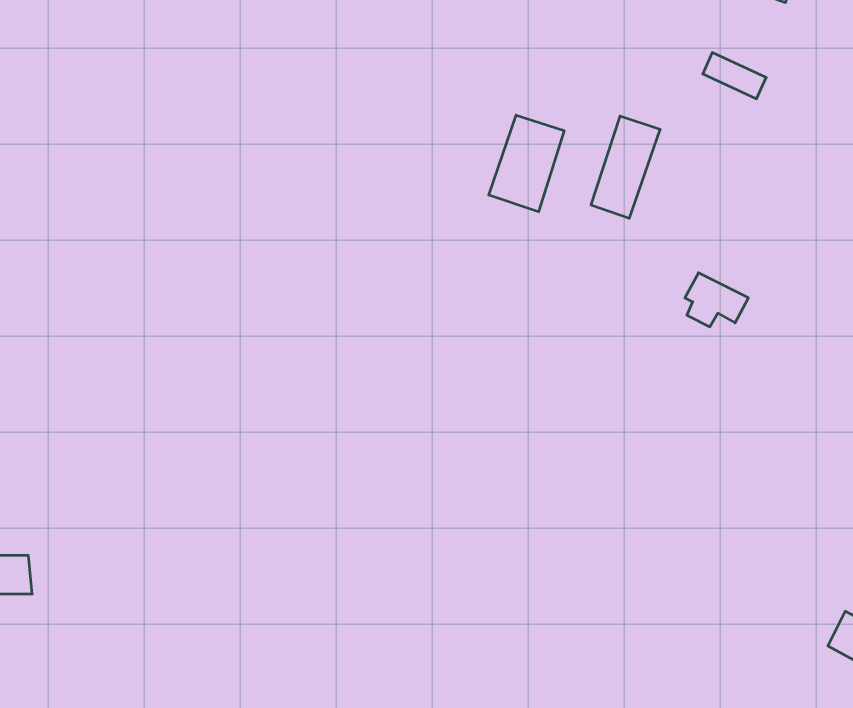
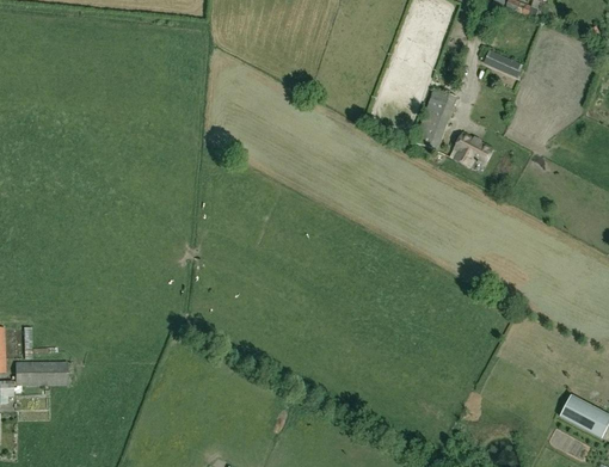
building: [489,115,564,212] -> none
building: [685,273,748,327] -> [454,133,493,166]

